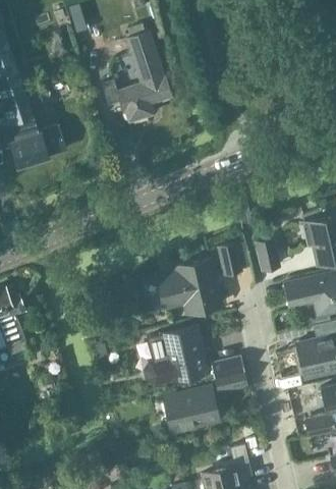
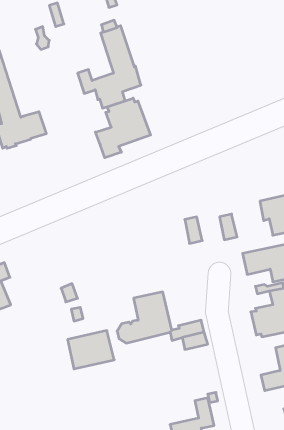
building: none -> [95,98,151,158]
building: [157,260,219,313] -> none
building: [165,388,217,431] -> [68,331,114,369]

